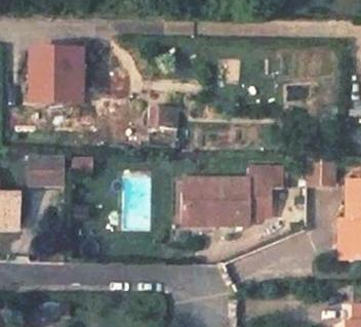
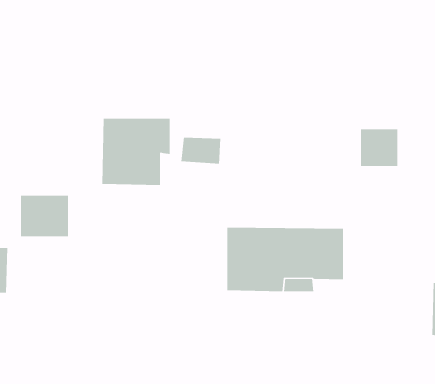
building: [29,49,81,100] -> [102,118,170,185]
building: [307,156,335,185] -> [360,129,398,167]

